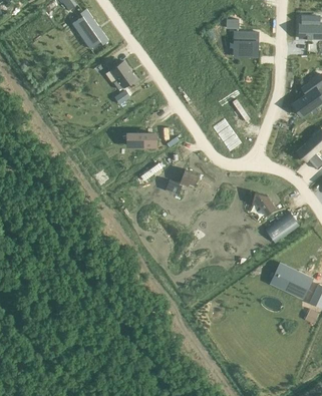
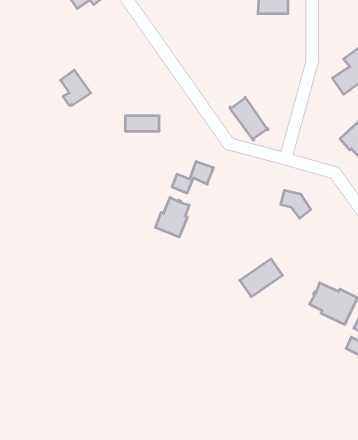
building: [111,61,135,89] -> [60,70,91,105]
building: none -> [156,197,189,237]
building: [265,213,299,243] -> [240,259,283,297]

